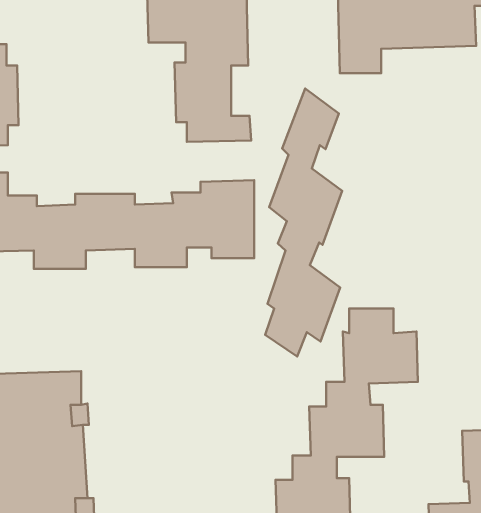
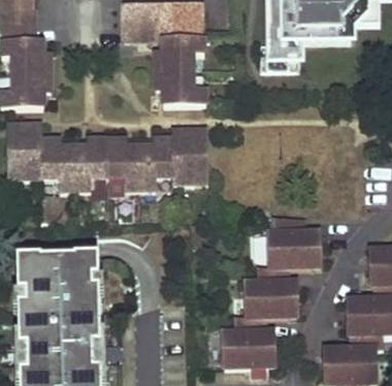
building: [265,89,342,356] -> none

